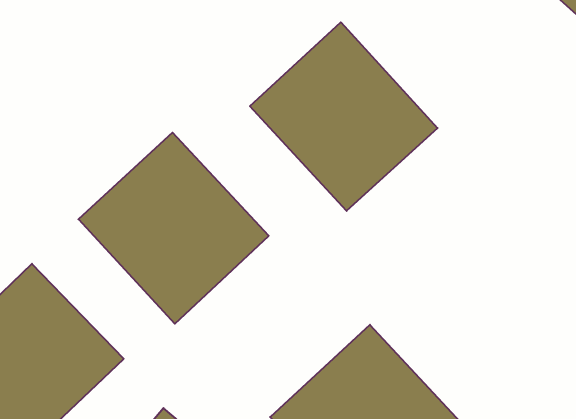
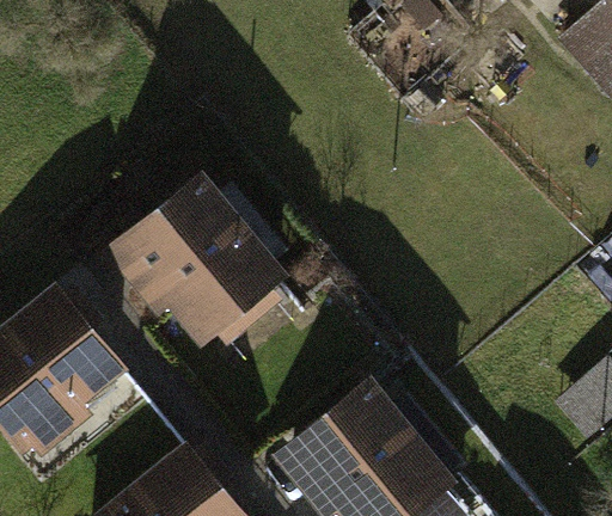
building: [250,22,438,211] -> none

